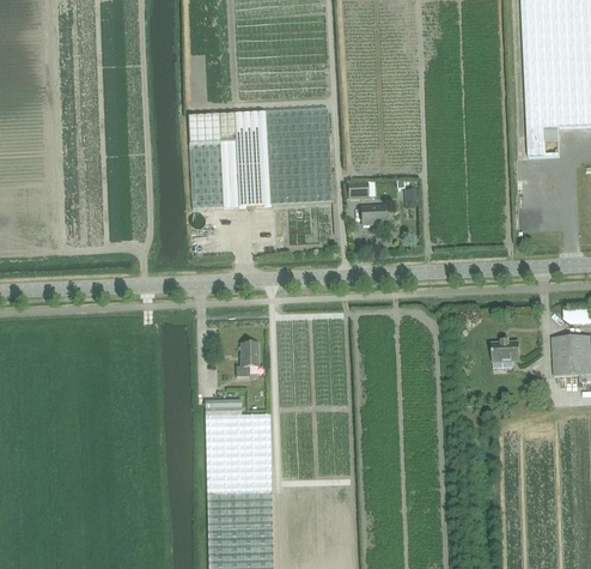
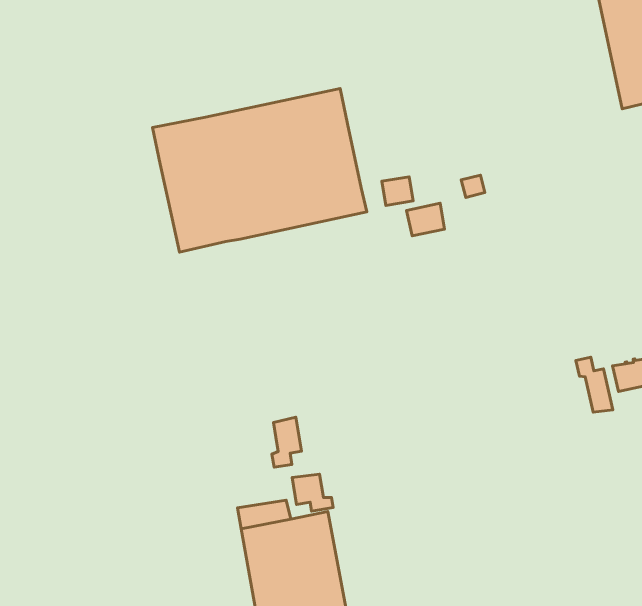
building: none -> [576,357,613,412]
building: none -> [292,474,333,511]

